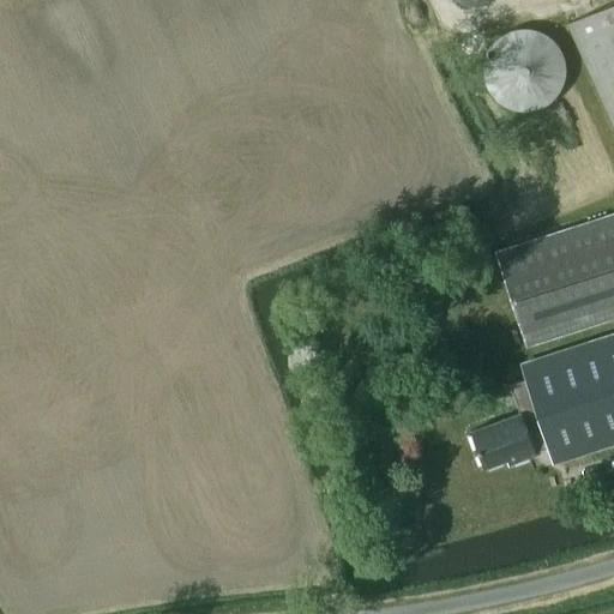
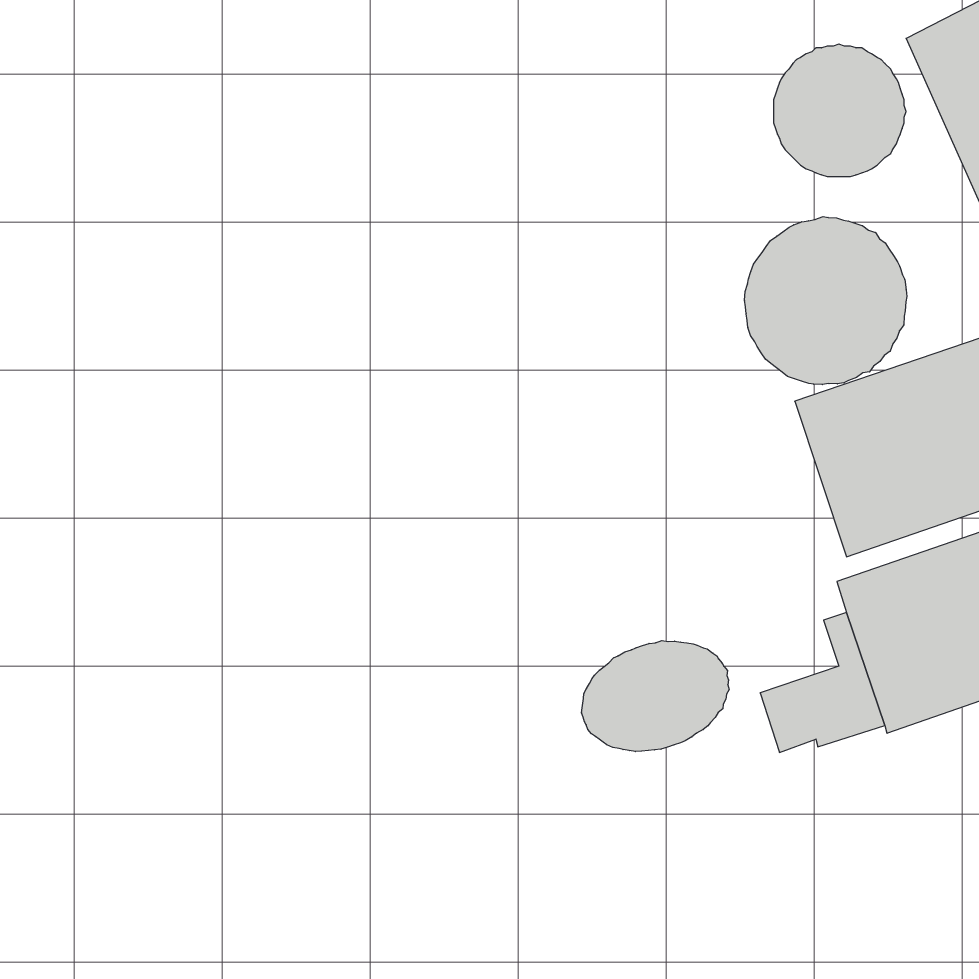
building: none -> [745,217,907,385]
building: none -> [582,641,729,752]

